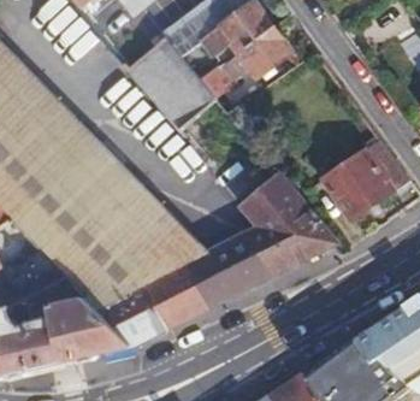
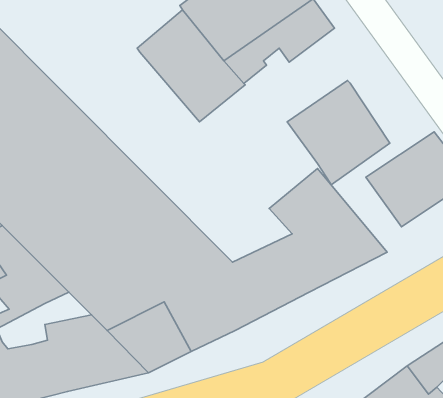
building: none -> [287,80,390,185]

